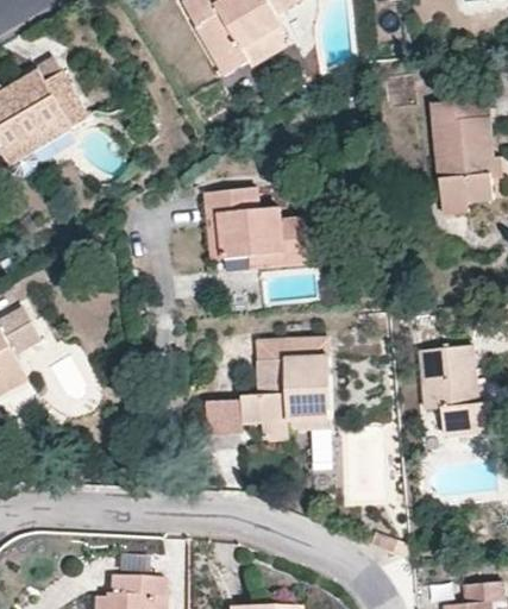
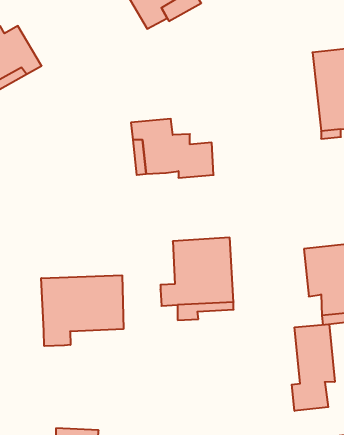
building: none -> [41,275,123,346]
building: [205,401,242,435] -> none
building: none -> [292,324,335,411]

